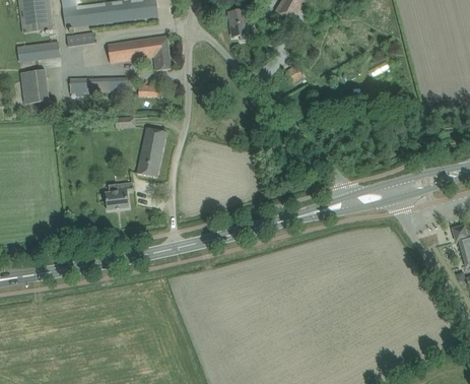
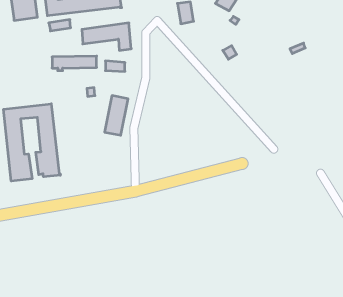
building: [17,41,60,61] -> none
building: [19,69,48,104] -> none
building: none -> [4,104,60,181]
building: [105,182,133,209] -> none

